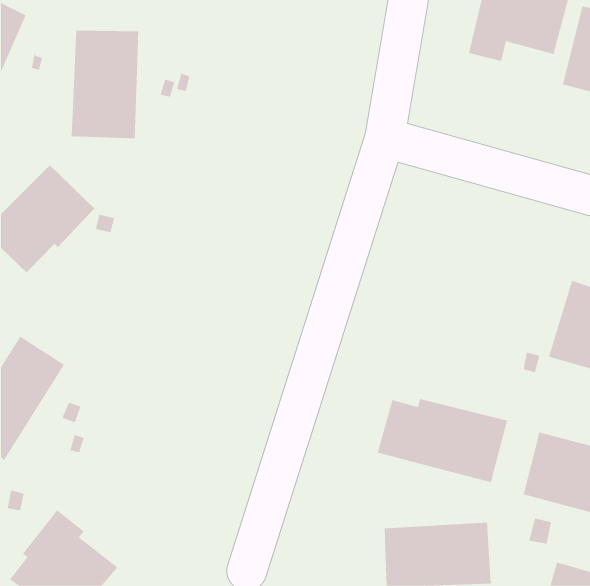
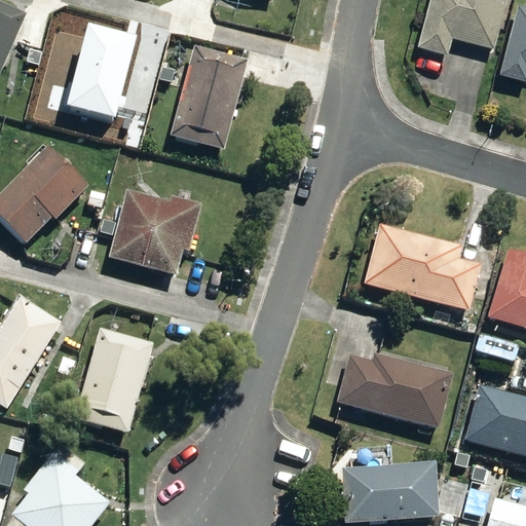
building: none -> [170,47,247,151]
building: none -> [109,191,201,274]
building: none -> [364,224,481,310]
building: none -> [74,330,152,434]

